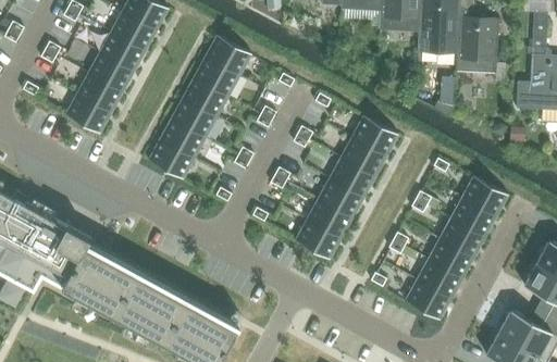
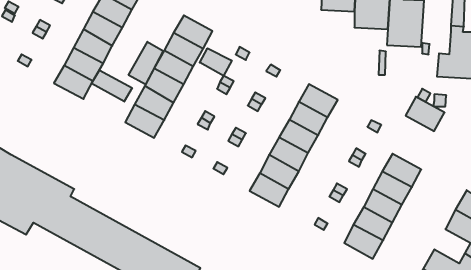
building: none -> [129,42,163,84]
building: none -> [200,48,232,76]
building: none -> [92,70,132,102]
building: [462,176,508,216] -> [406,97,445,131]

